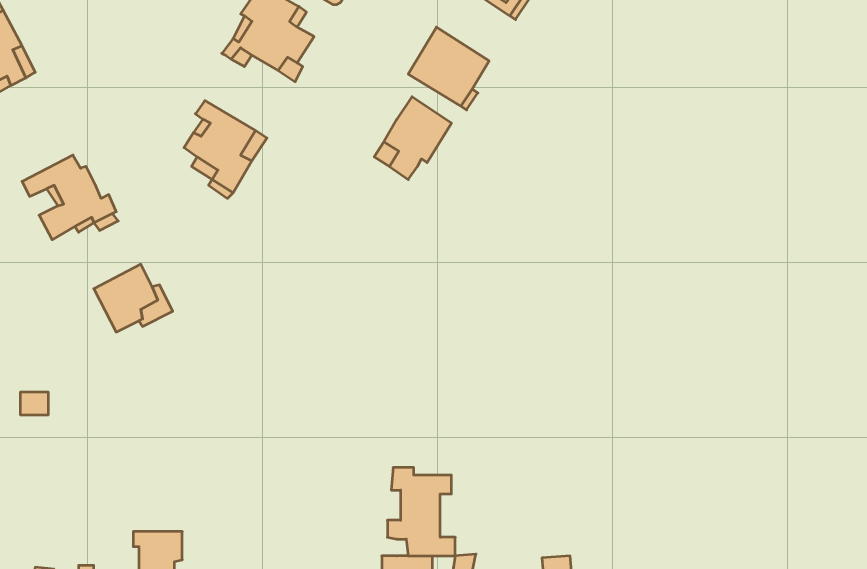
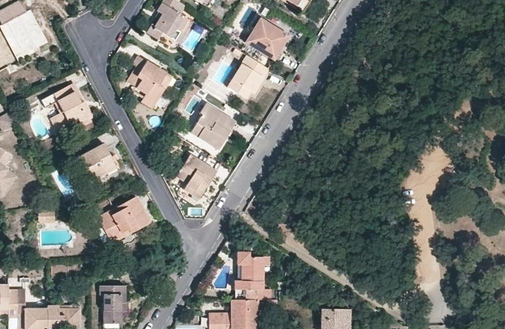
building: none -> [191,103,236,150]
building: none -> [177,155,216,199]
building: none -> [97,197,149,243]

